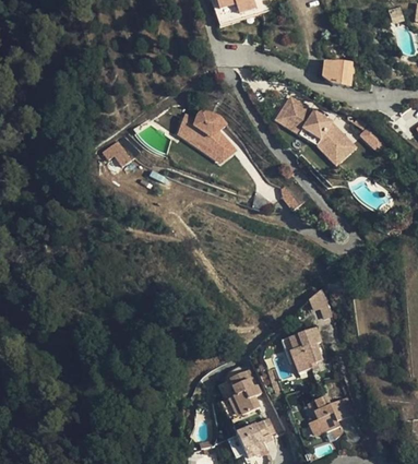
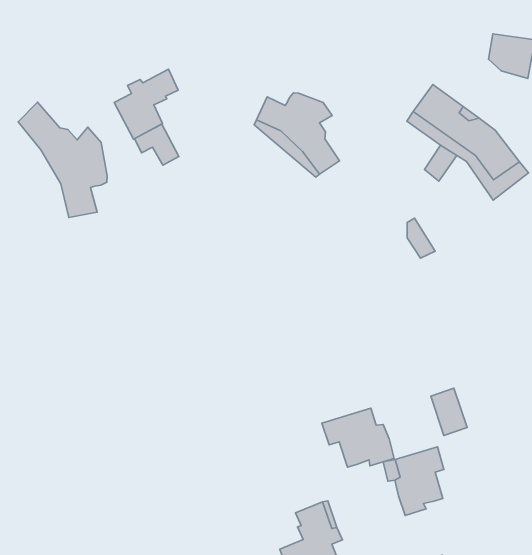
building: none -> [114,69,178,139]
building: none -> [18,102,107,217]
building: none -> [322,408,394,467]

